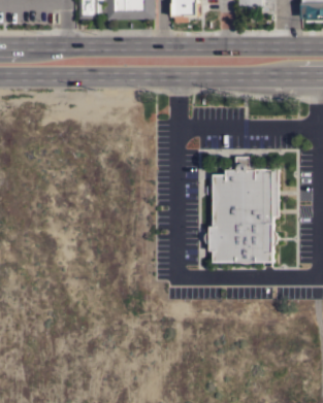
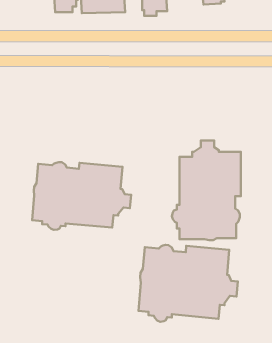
building: none -> [32,162,131,230]
building: none -> [138,245,238,322]

